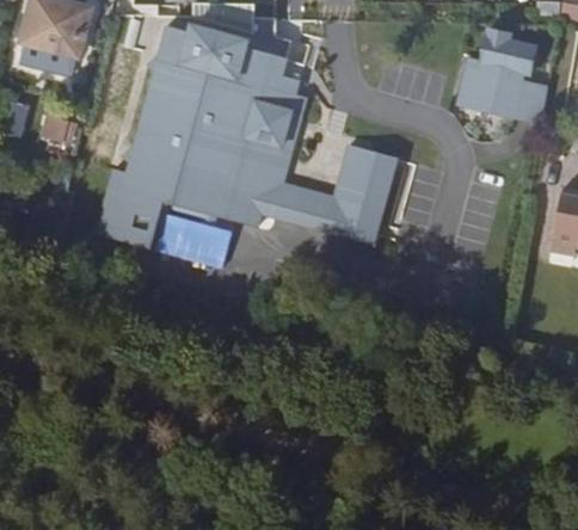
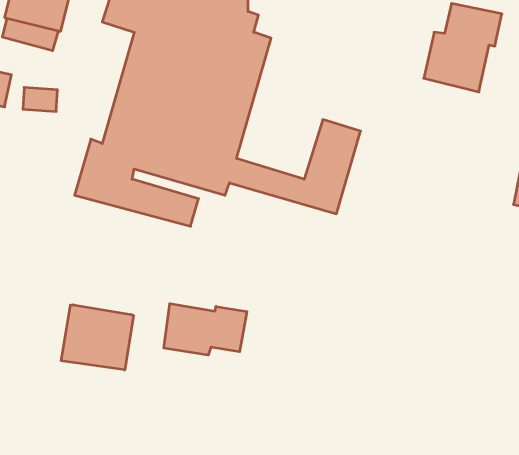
building: none -> [164,304,247,355]
building: none -> [61,305,133,370]

